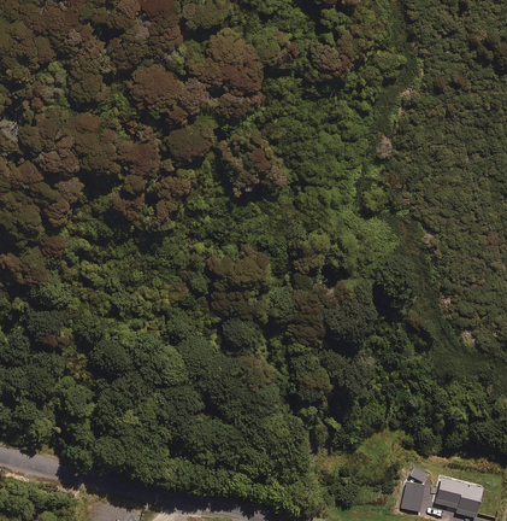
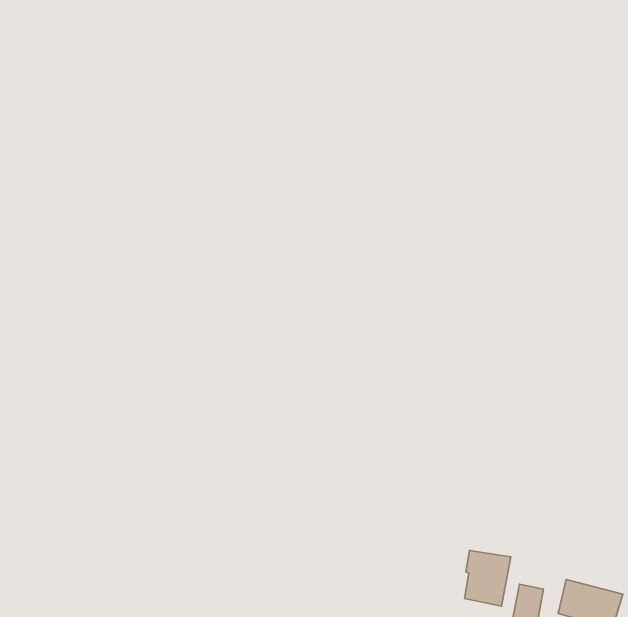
building: none -> [465,551,511,606]

